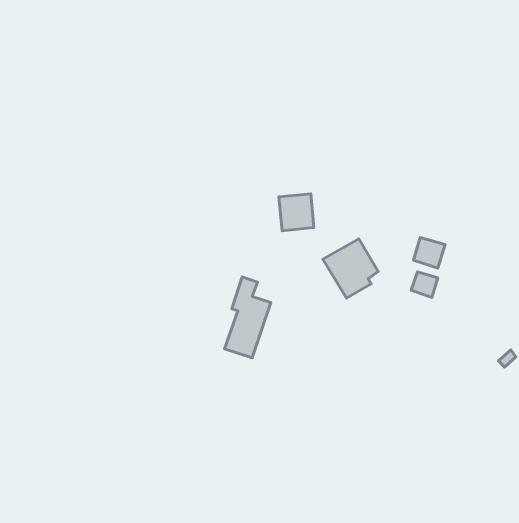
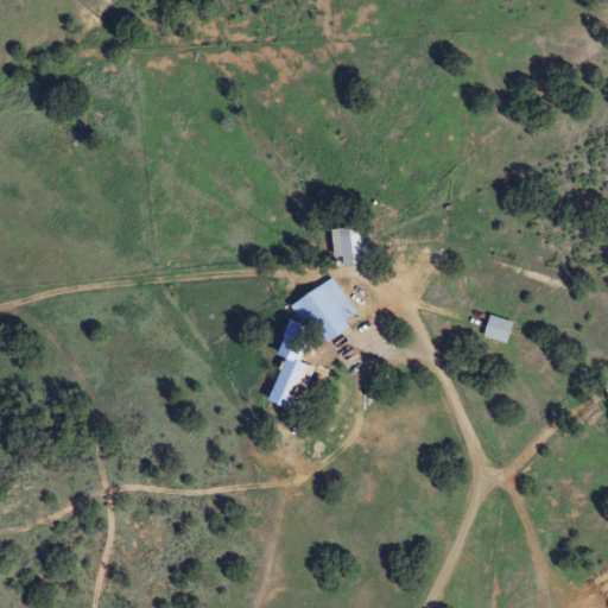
building: [413,237,445,268] -> none
building: [323,239,378,298] -> [292,277,356,346]

